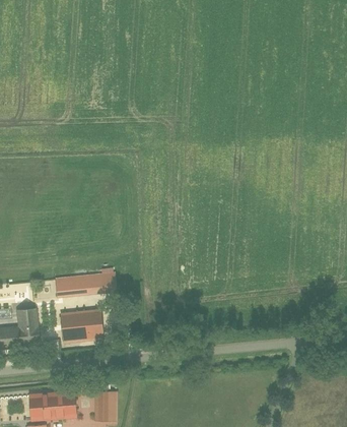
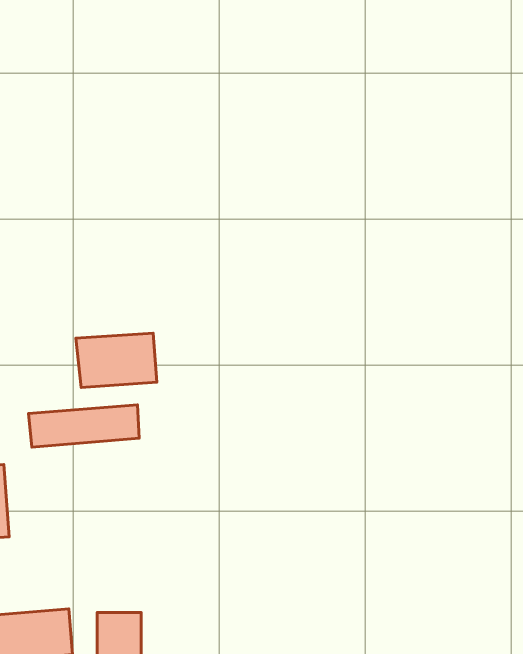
building: [57,310,103,342] -> [76,333,157,388]

